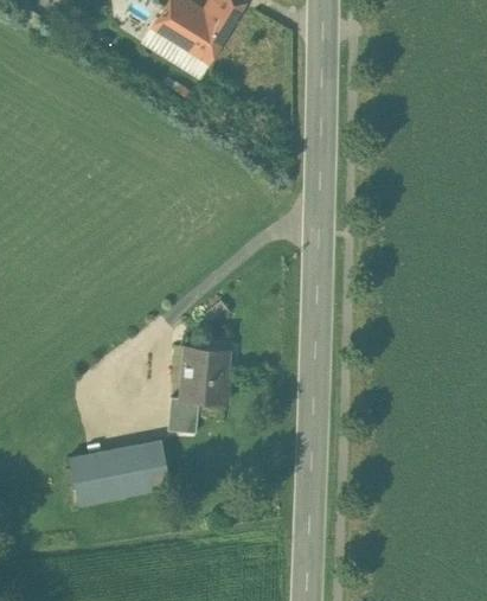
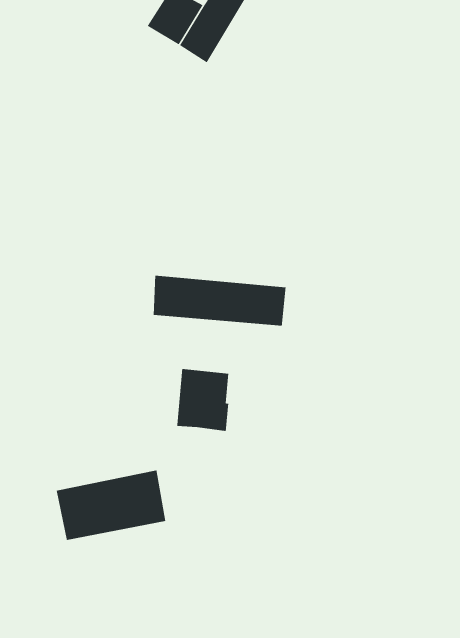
building: none -> [153,275,286,327]
building: [168,398,199,434] -> none

